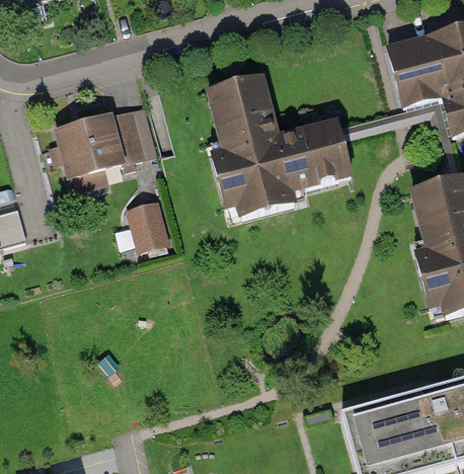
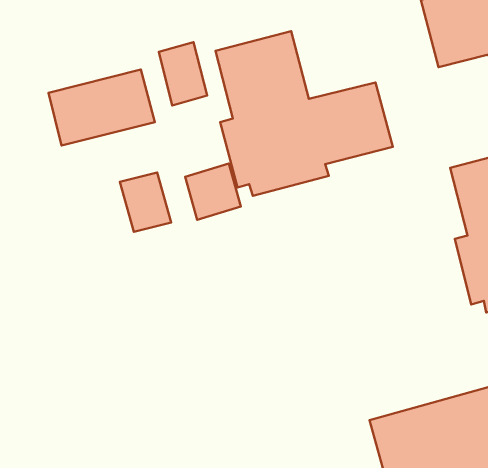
building: none -> [159,42,207,105]
building: none -> [185,164,241,220]

